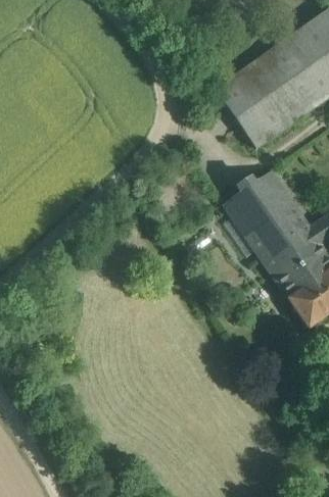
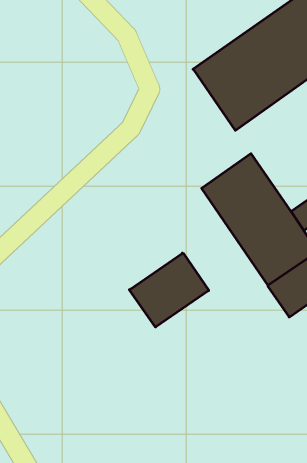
building: none -> [129,253,209,327]

